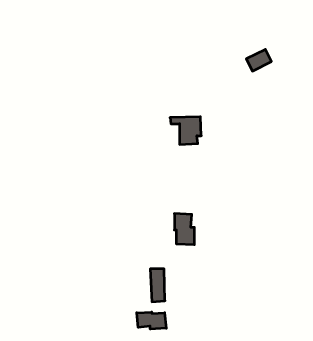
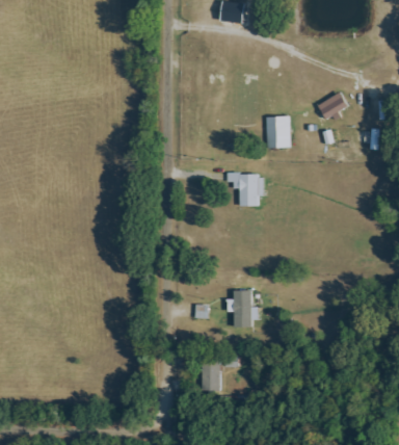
building: none -> [265,116,290,149]
building: [137,312,166,329] -> none

